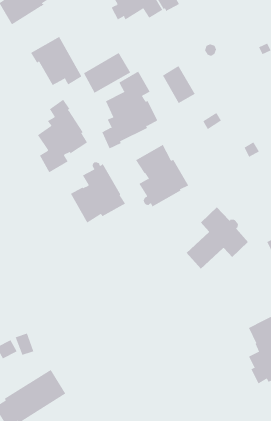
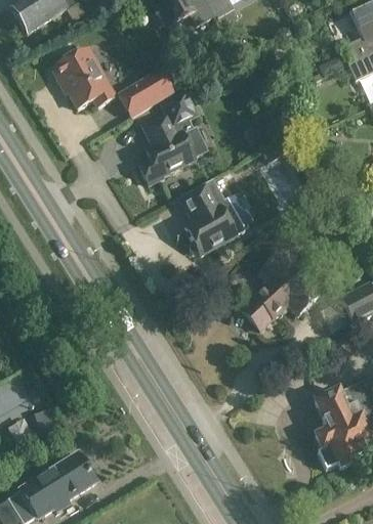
building: [162,65,195,104] -> none
building: [37,99,88,173] -> none
building: [70,161,126,223] -> none

